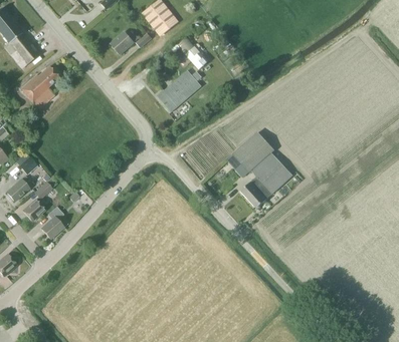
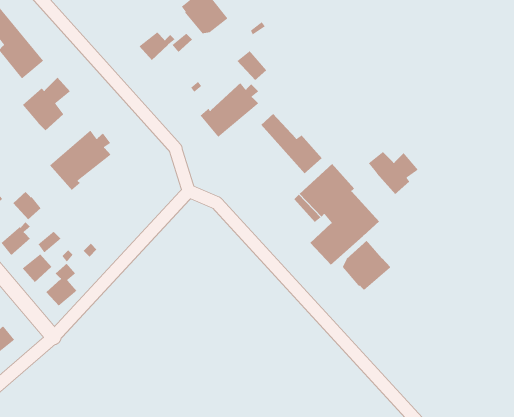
building: none -> [260,113,323,174]
building: none -> [49,130,112,191]
building: none -> [368,151,419,195]
building: none -> [342,240,391,291]

